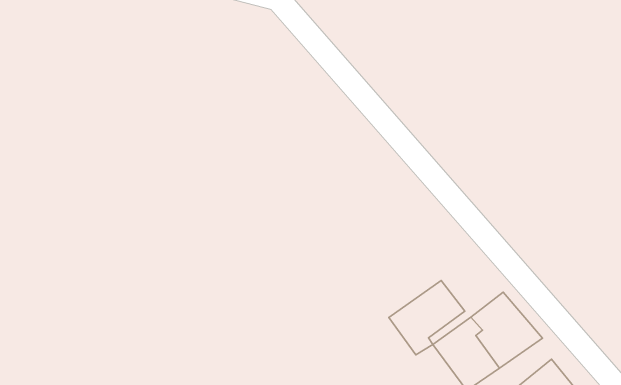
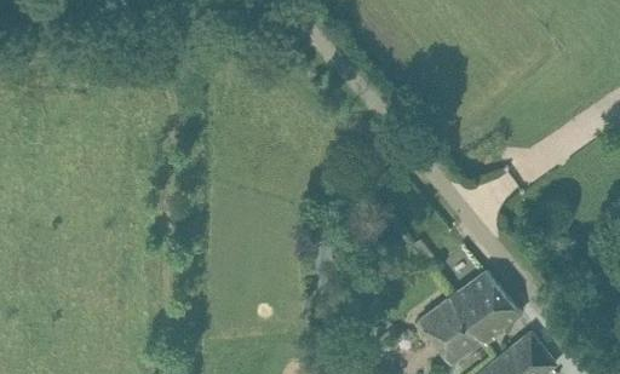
building: [389,280,465,355] -> none

